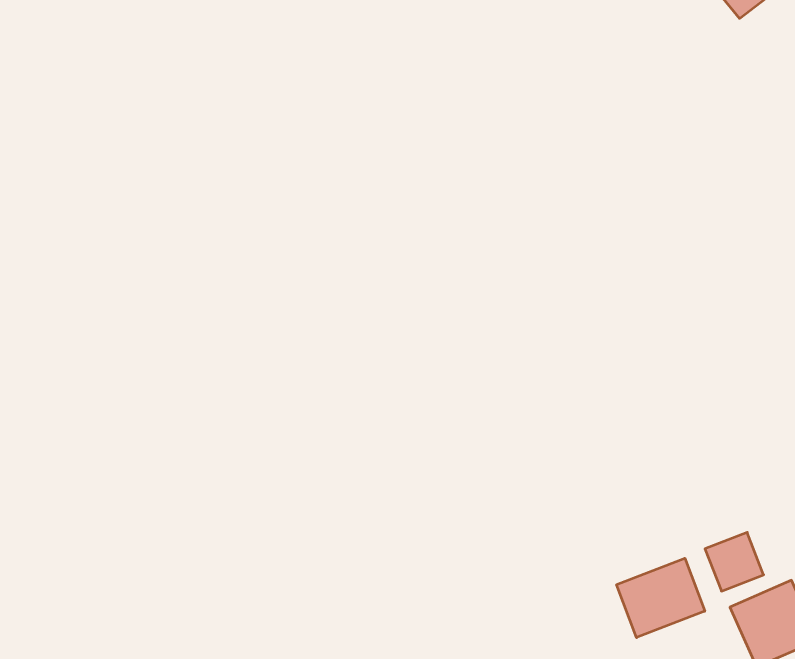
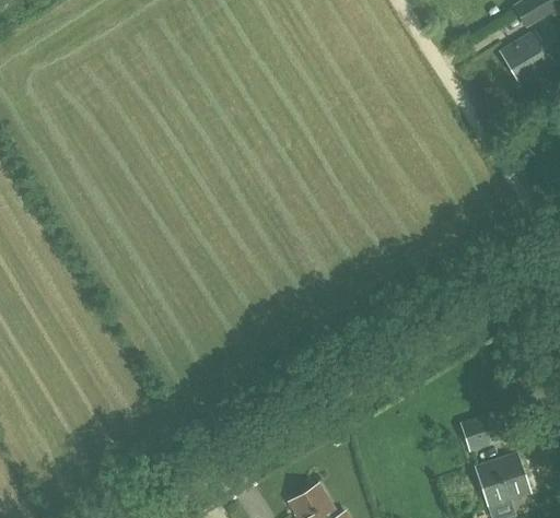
building: [617,558,705,638] -> none

